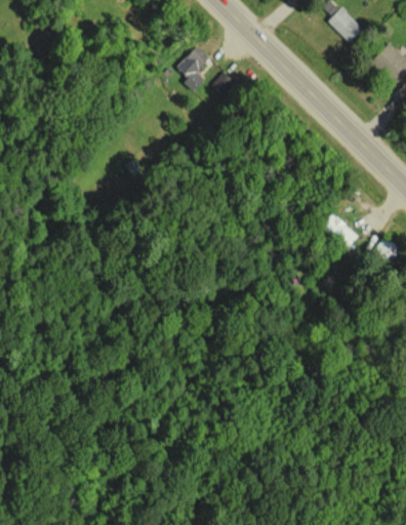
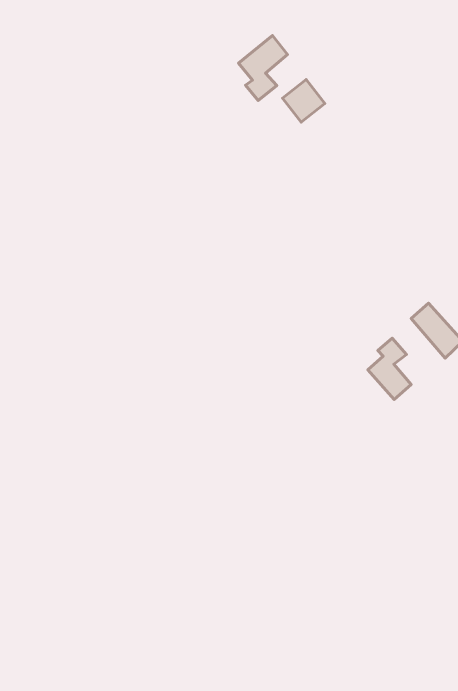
building: none -> [368,338,411,400]

